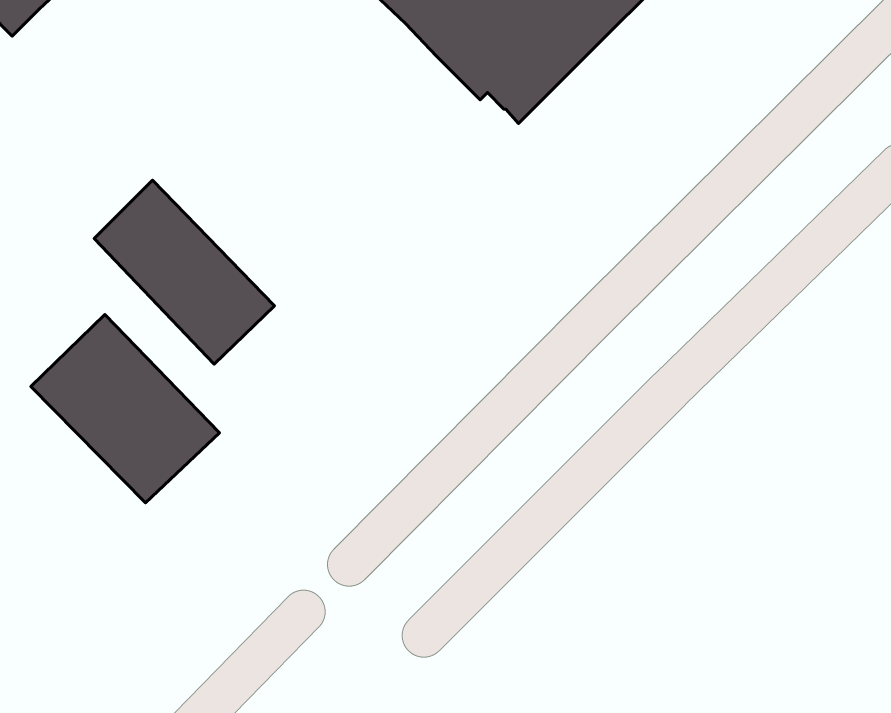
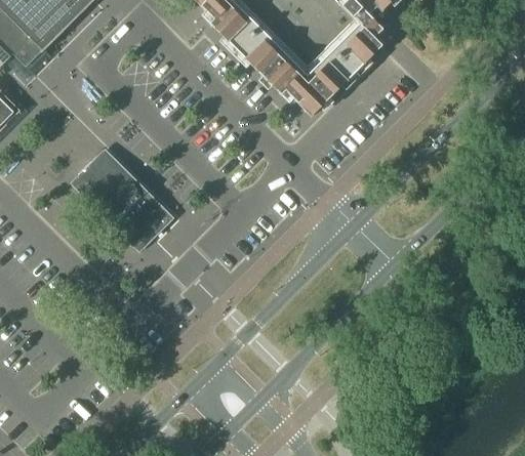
building: [31,314,220,503] -> none

